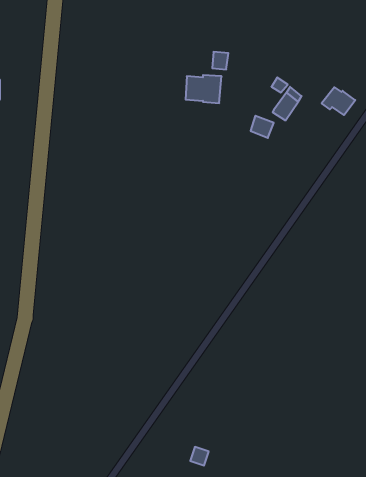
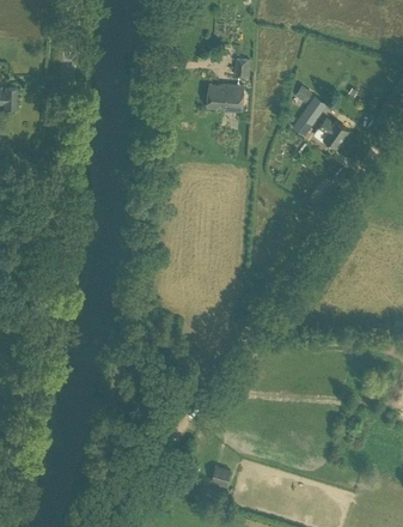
building: [322,87,355,115] -> [312,119,347,147]

